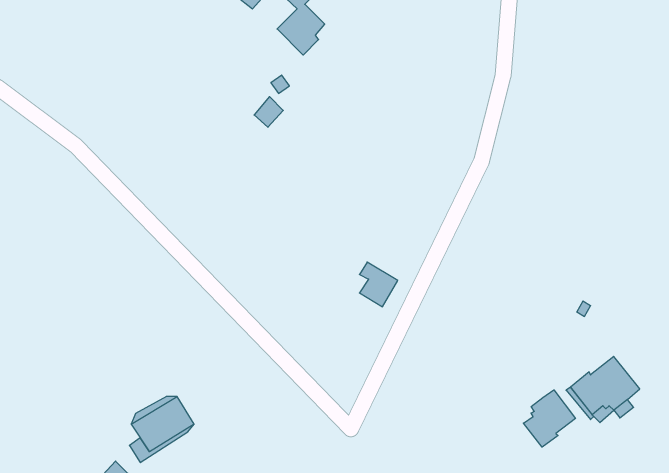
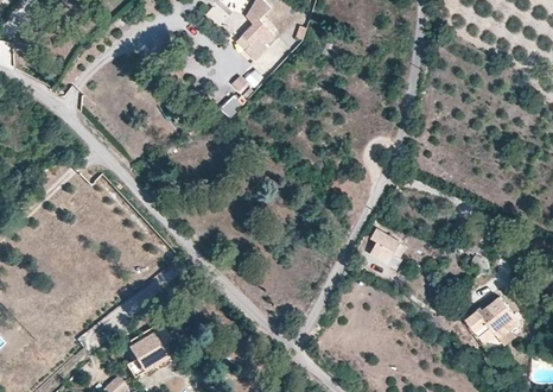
building: [359,262,398,307] -> [369,227,399,261]
building: [523,390,575,447] -> none

